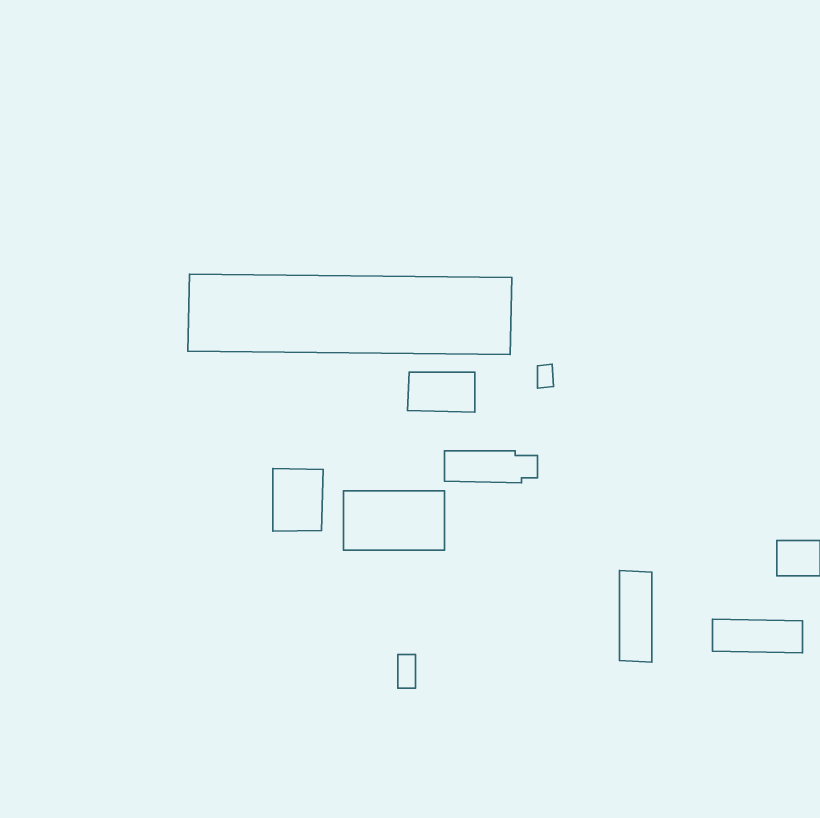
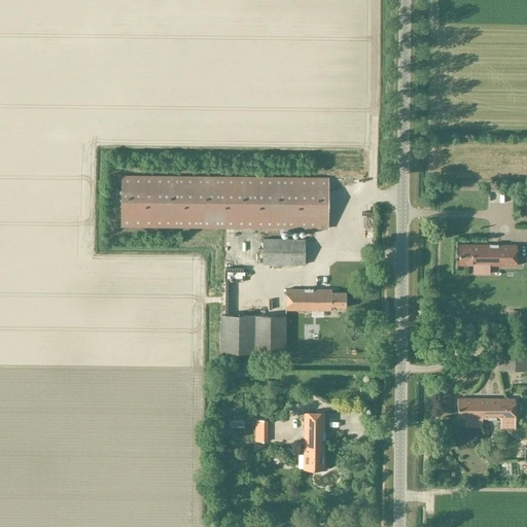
building: none -> [458,244,517,266]
building: [273,469,323,531] -> none
building: [620,571,652,662] -> [304,412,324,470]

